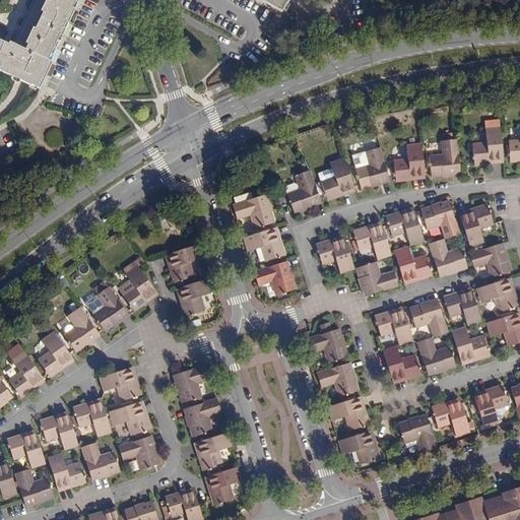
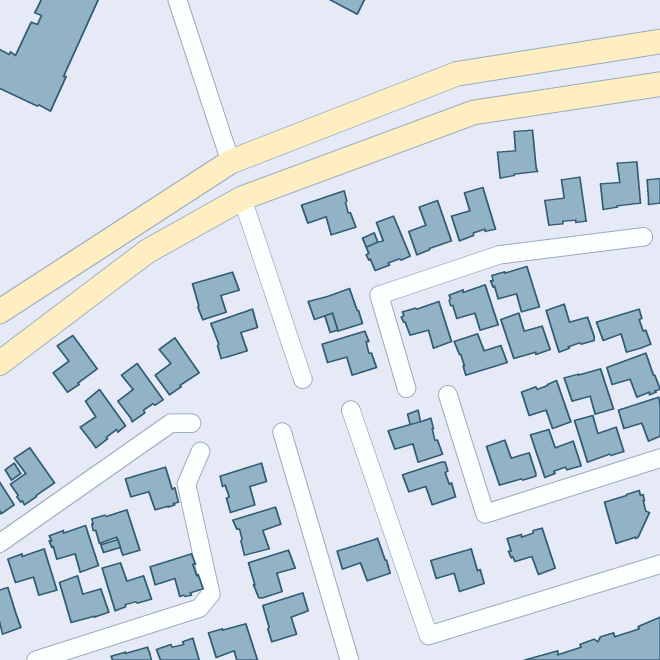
building: [393,143,425,181] -> [497,130,538,178]
building: [232,193,274,228] -> [301,191,356,235]
building: [419,201,459,239] -> none
building: [459,204,493,247] -> none
building: [177,277,213,315] -> [192,272,239,320]
building: [374,309,412,344] -> none
building: [38,331,72,376] -> [53,335,97,392]
building: [327,396,369,430] -> [337,538,390,581]
building: [431,399,469,436] -> none
building: [108,401,149,435] -> none
building: [14,468,53,505] -> none

